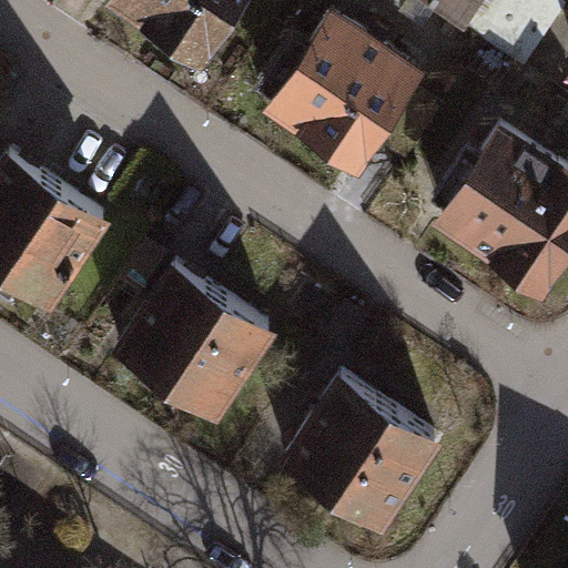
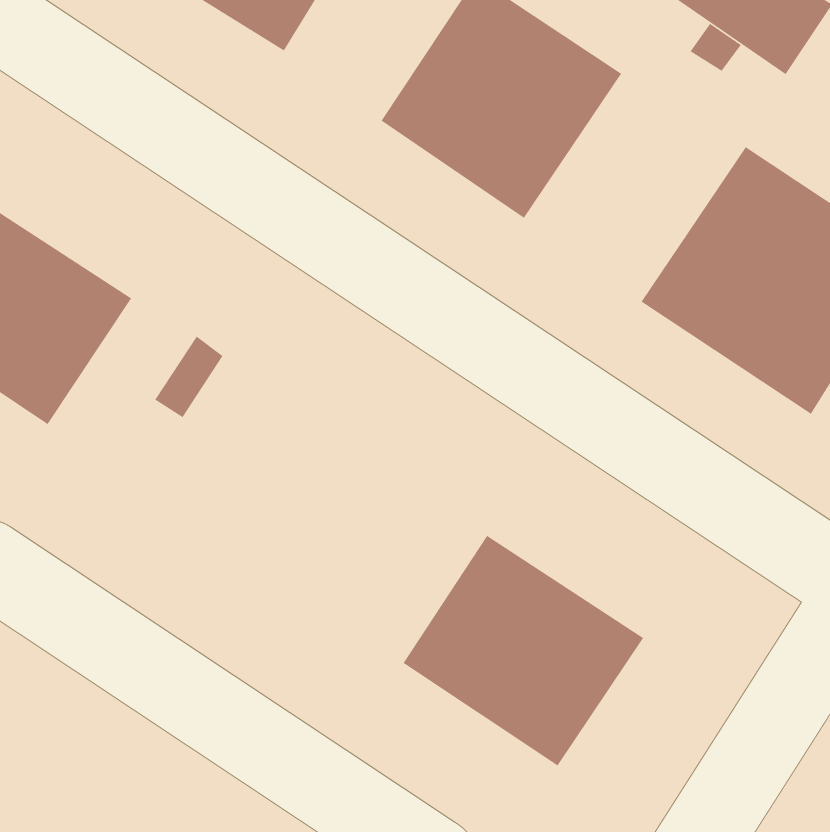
building: [108,255,274,417] -> none

